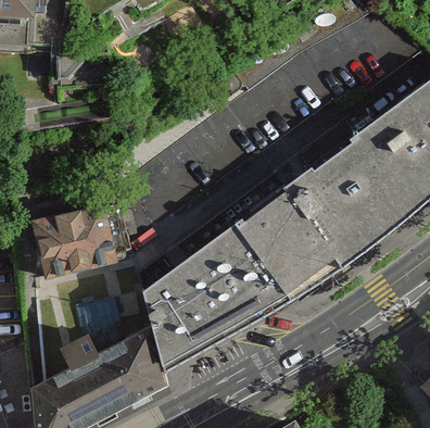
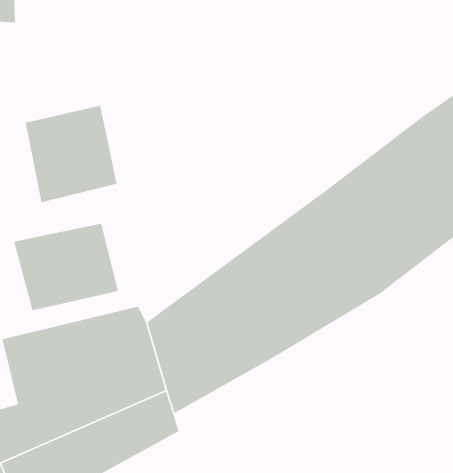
building: none -> [25,105,117,203]

